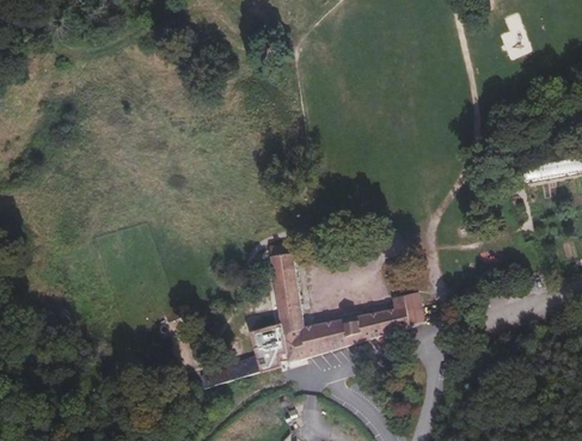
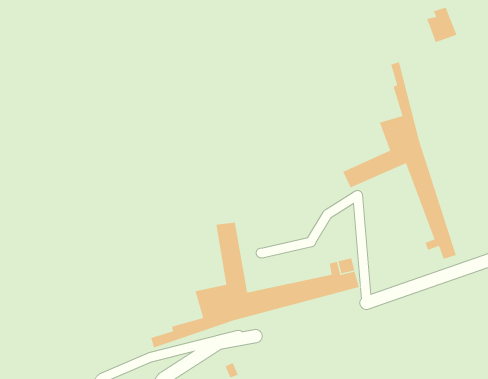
building: none -> [342,61,457,260]

